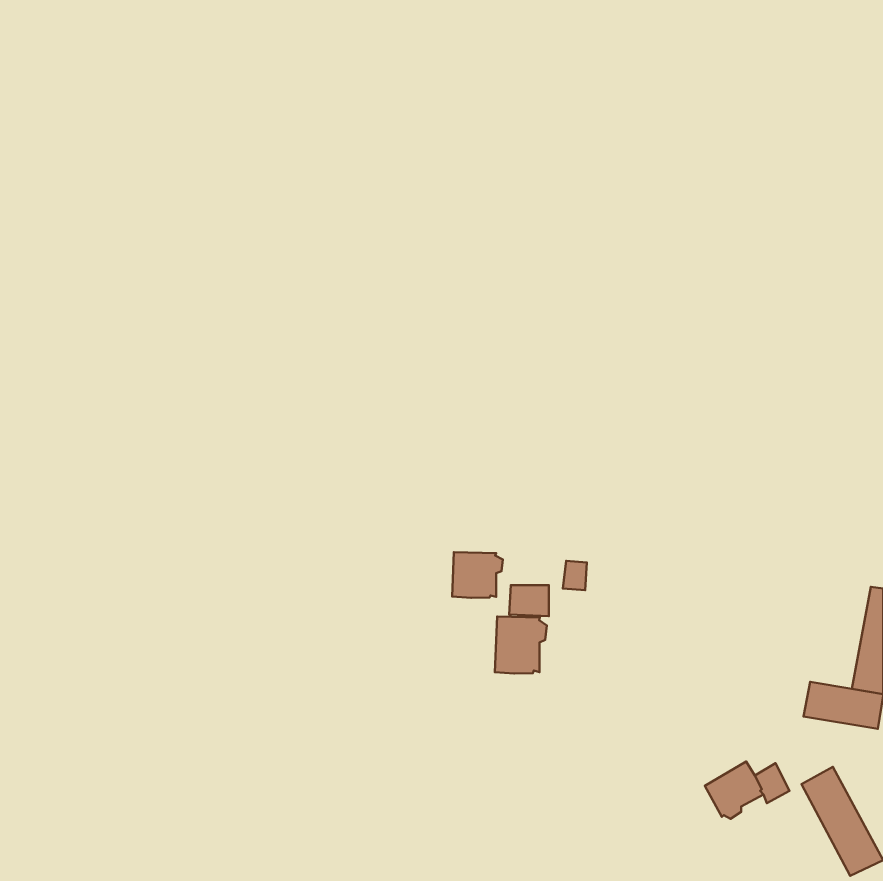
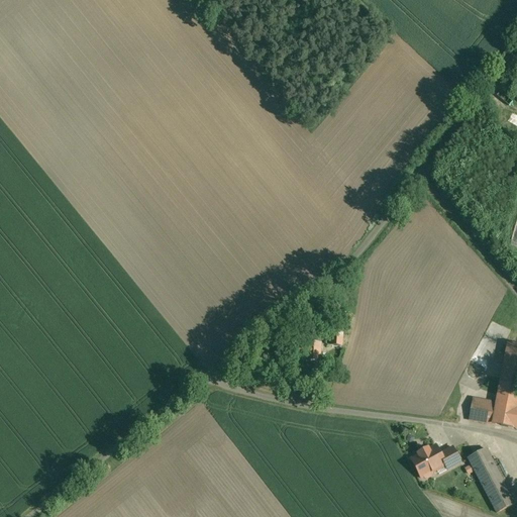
building: [452,552,503,598] -> none
building: [495,617,547,673] -> none

